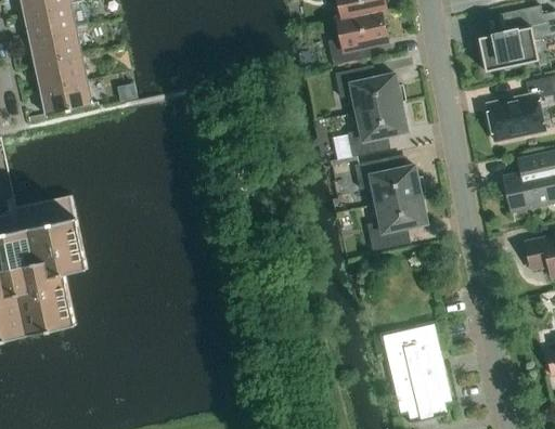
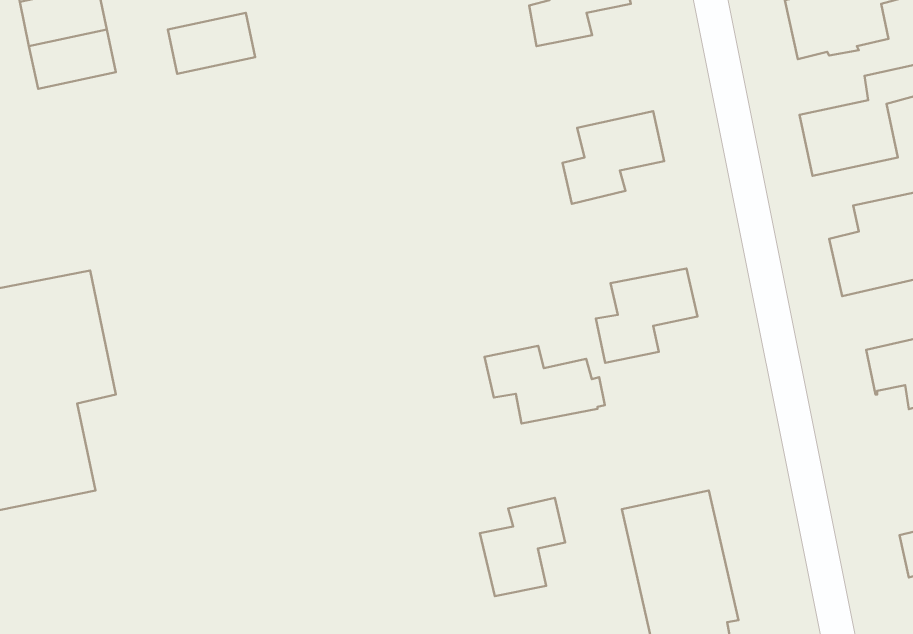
building: [335,67,405,113] -> none
building: [41,80,92,116] -> [168,13,255,74]
building: [354,158,425,204] -> [484,346,605,424]
building: none -> [480,498,565,596]

